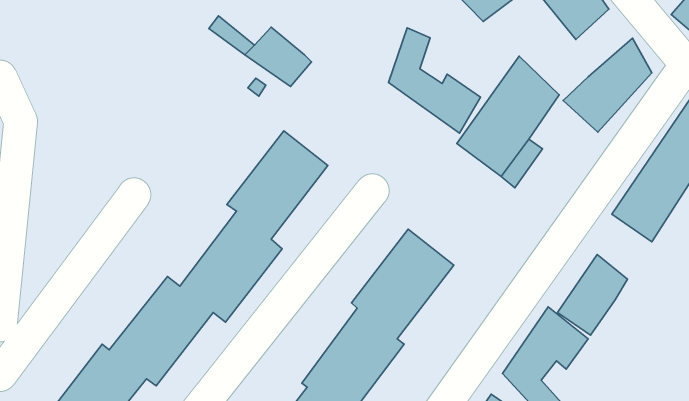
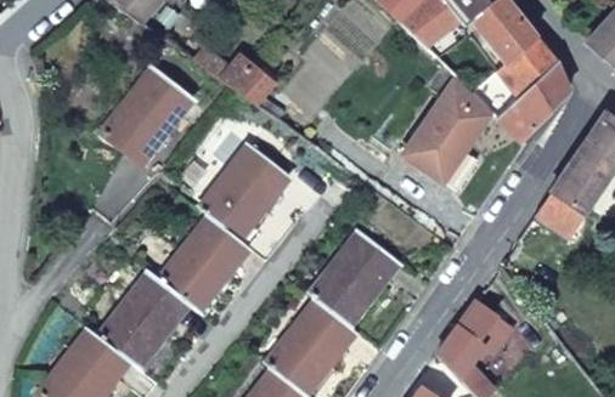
building: none -> [496,36,555,96]
building: [389,28,481,133] -> none
building: none -> [101,67,192,166]
building: [558,255,628,335] -> none

